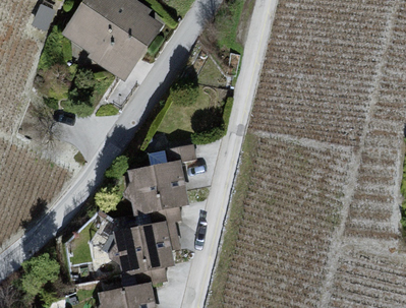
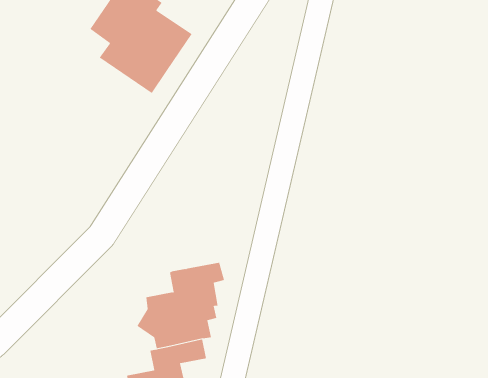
building: [126,143,194,212] -> none

